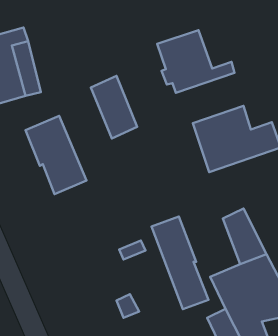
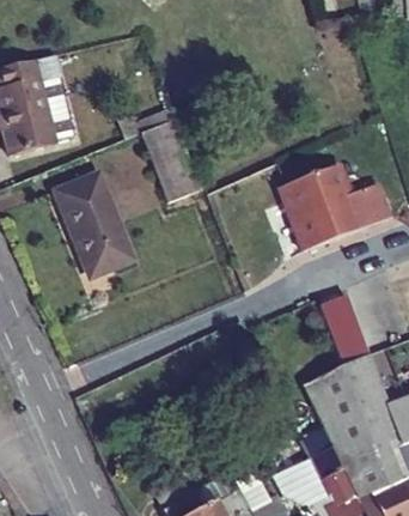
building: [157,30,234,93] -> none
building: [151,217,209,309] -> none

